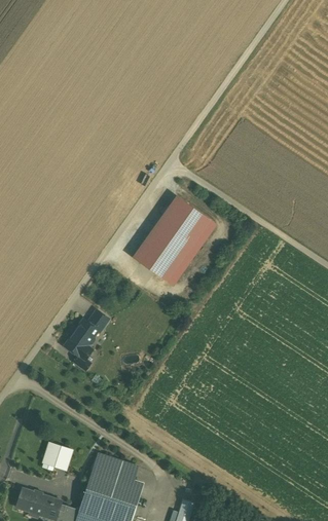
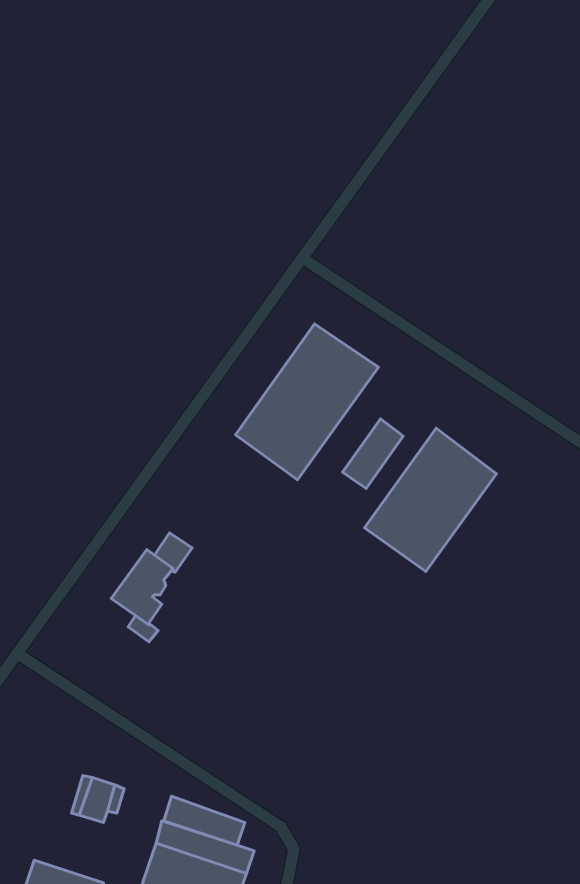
building: none -> [342,419,403,489]
building: none -> [365,428,496,571]

